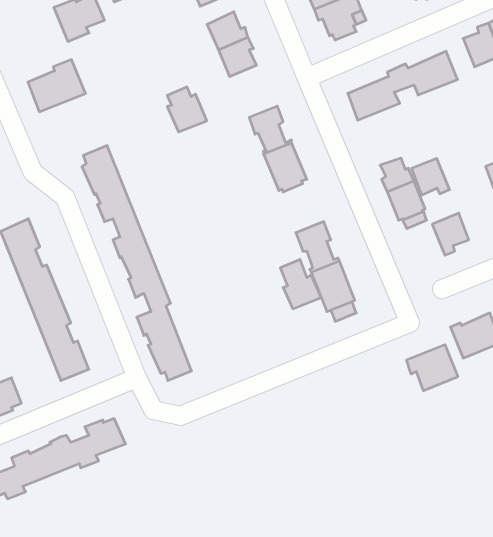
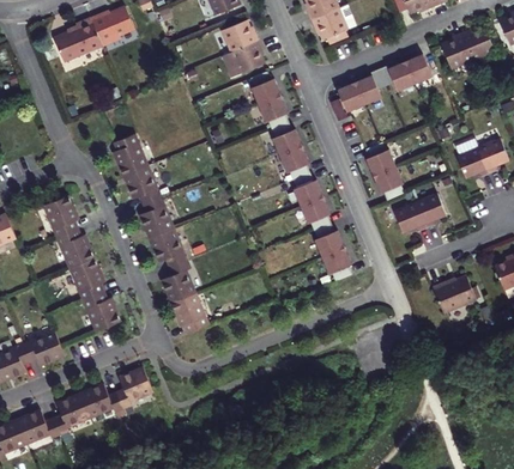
building: [28,60,86,112] -> [54,18,103,62]
building: [167,87,207,132] -> [248,73,282,111]
building: [412,159,450,195] -> [392,202,424,233]
building: [280,259,321,309] -> [286,167,321,209]
building: [407,345,458,391] -> none

